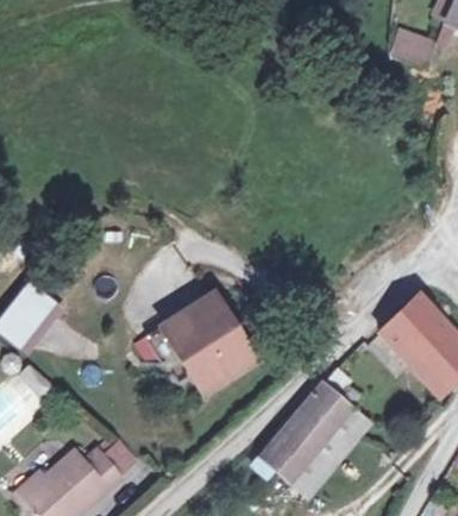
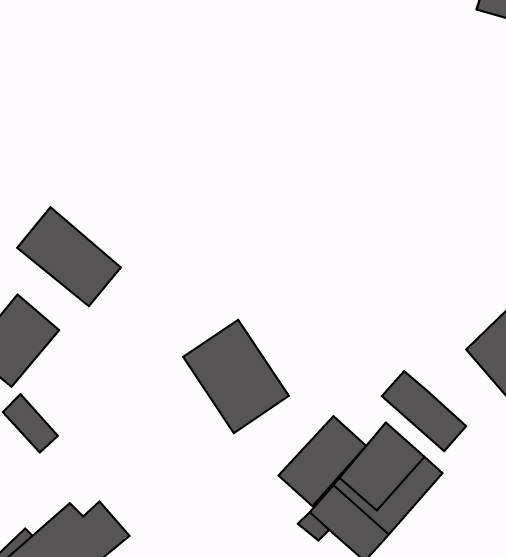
building: none -> [17,207,121,306]
building: none -> [382,371,466,451]
building: none -> [278,416,366,506]

